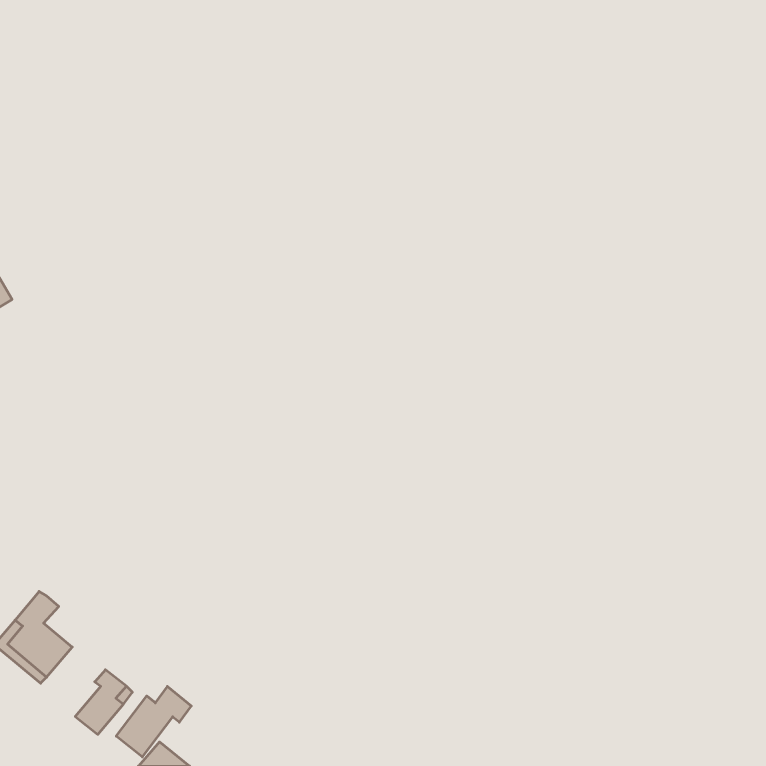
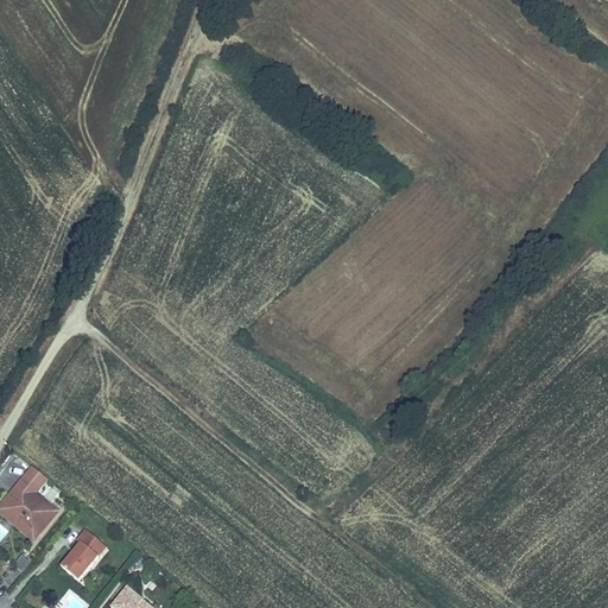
building: [116,686,191,757] -> none

